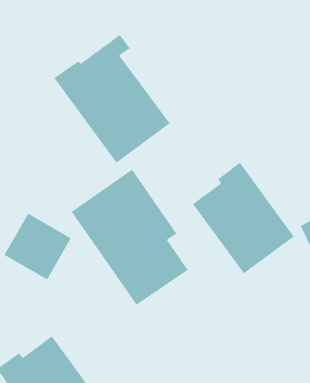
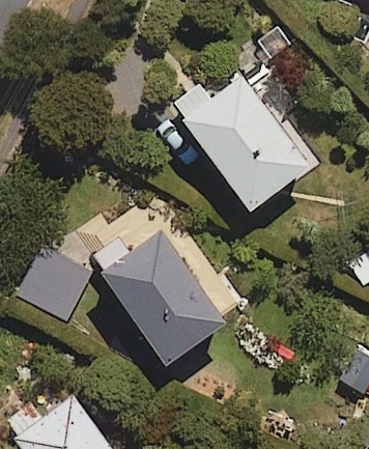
building: [54,34,171,163] -> [176,61,306,204]
building: [192,162,294,274] -> none

